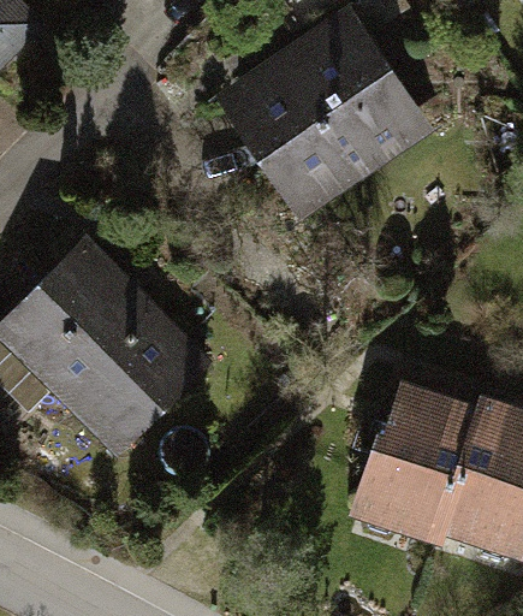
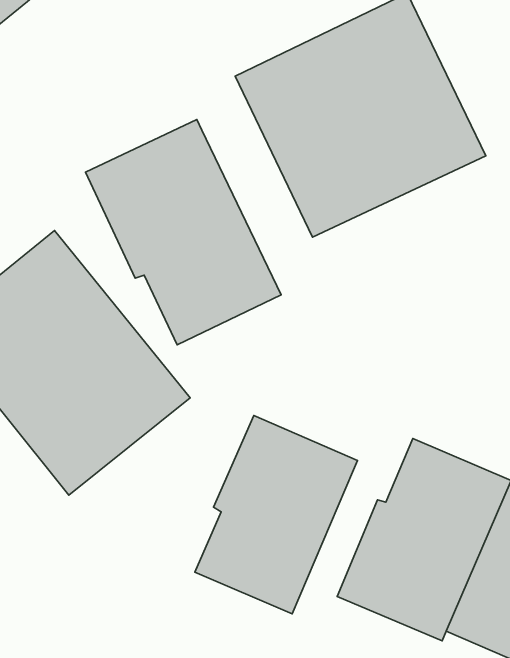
building: none -> [85,120,281,345]
building: none -> [195,415,358,614]

